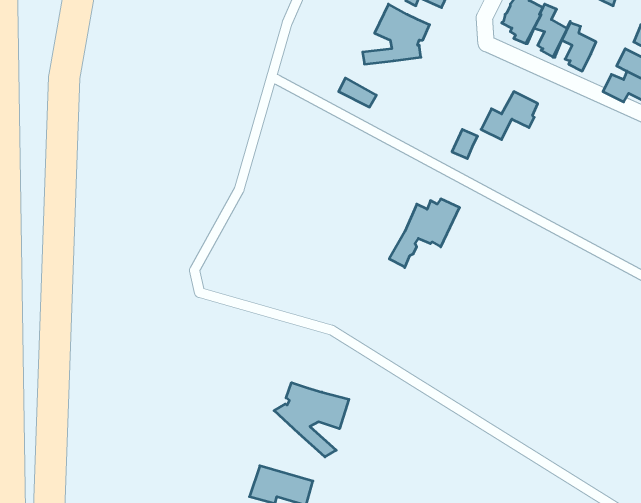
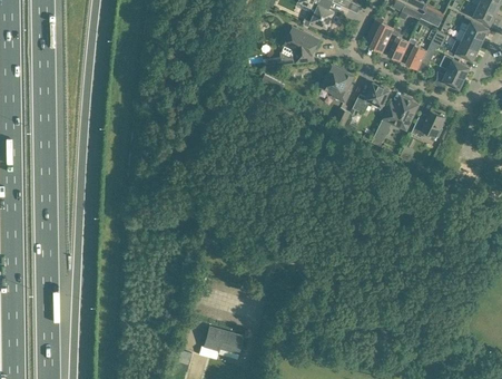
building: none -> [322,65,354,103]
building: none -> [411,110,446,138]
building: [389,199,460,268] -> [373,98,419,143]
building: [274,383,349,457] -> none

